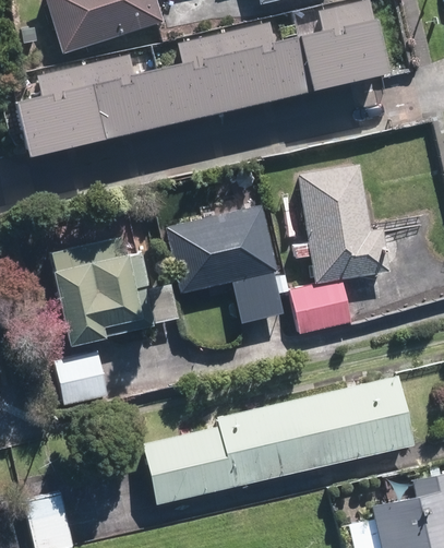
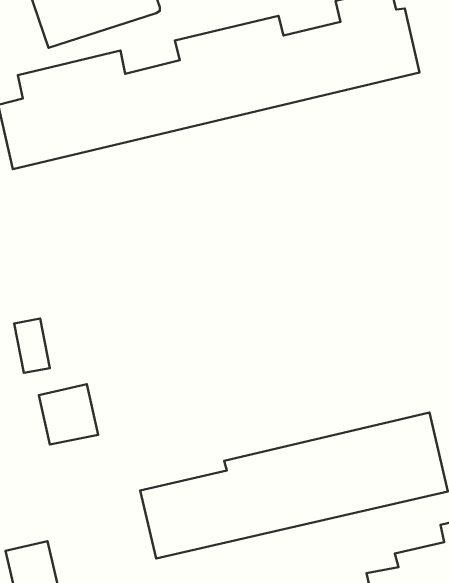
building: [287,165,388,335] -> none
building: [166,204,284,323] -> none
building: [53,236,152,346] -> none

